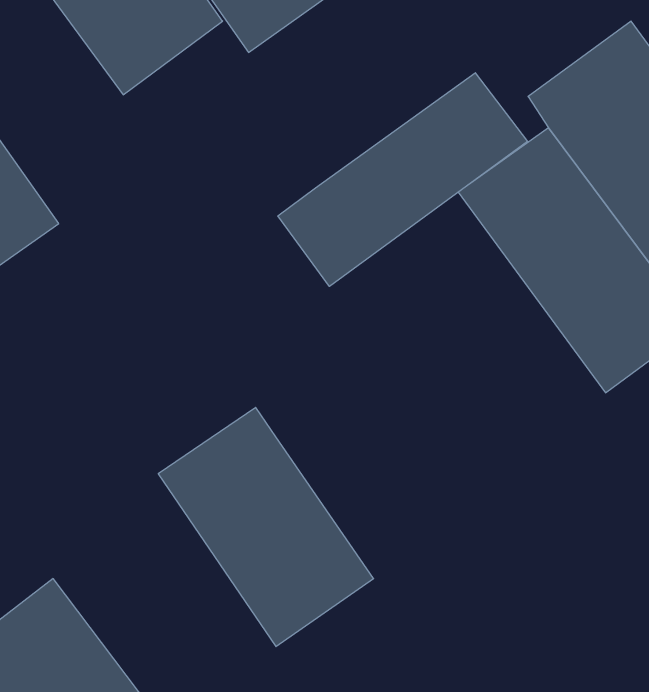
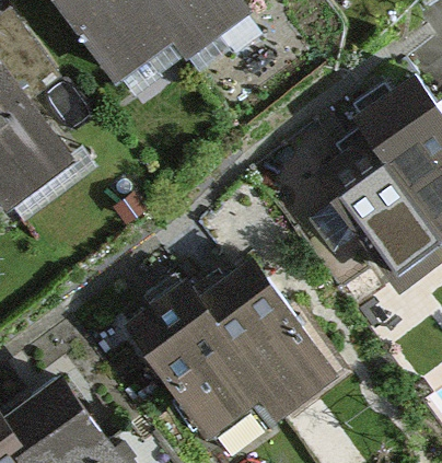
building: [278,73,527,286] -> none
building: none -> [203,262,342,416]

